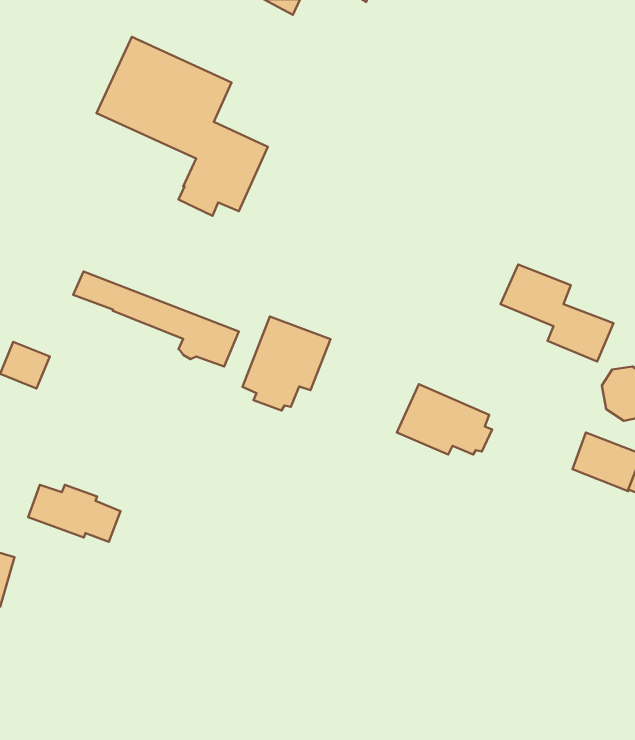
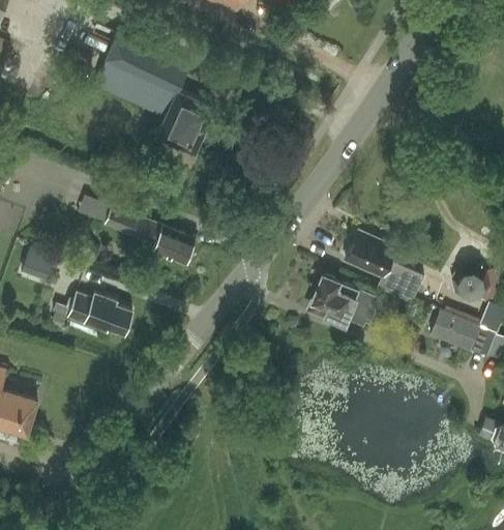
building: [501,265,613,361] -> [345,233,424,301]
building: [243,317,331,410] -> none
building: [28,485,121,542] -> [67,294,132,334]

